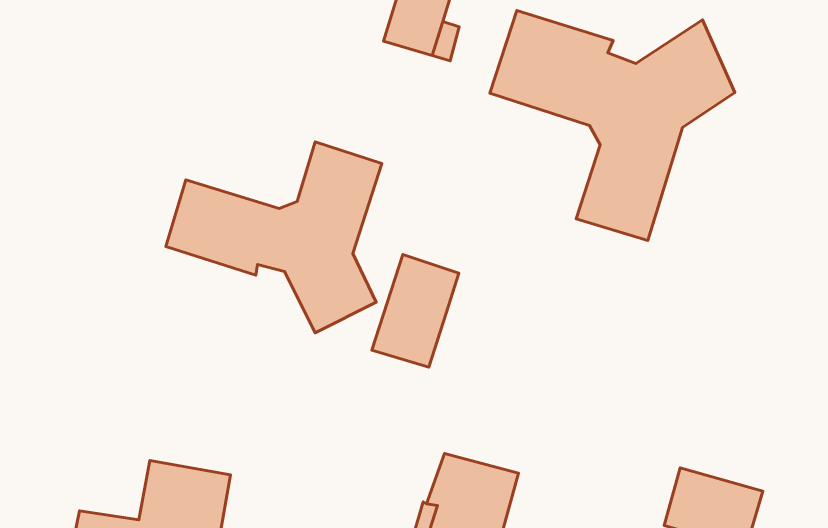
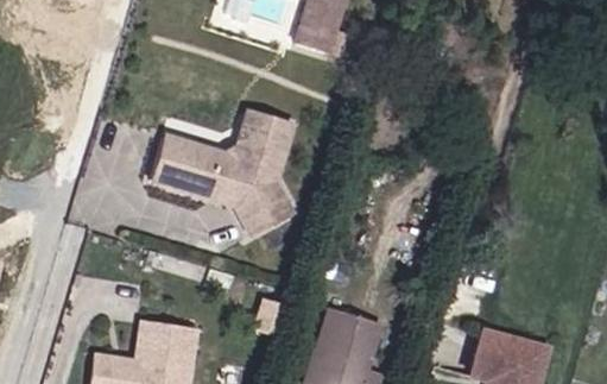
building: [490,11,735,241] -> none
building: [372,255,459,367] -> none

